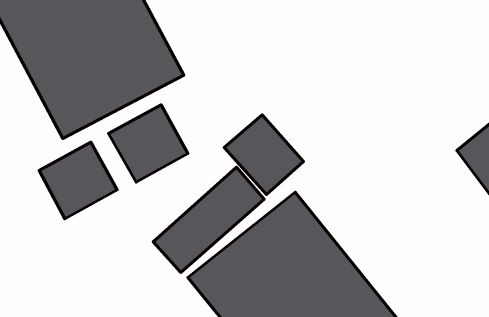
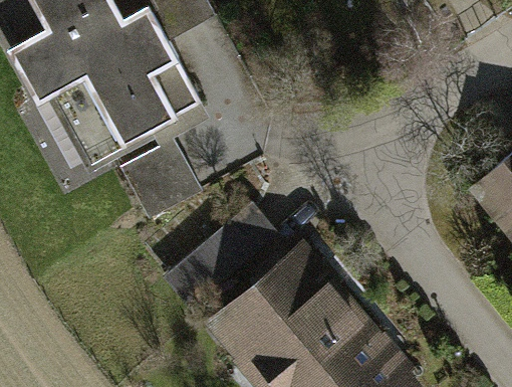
building: [224,115,303,195] -> none
building: [39,142,117,219] -> none

